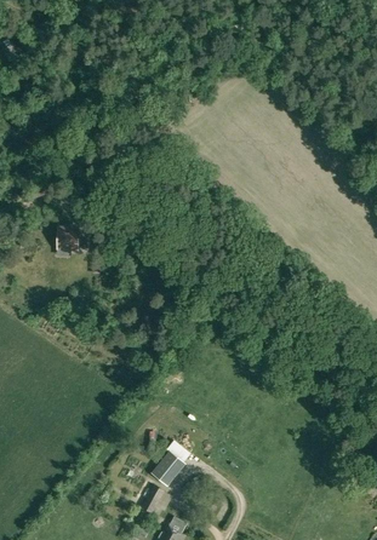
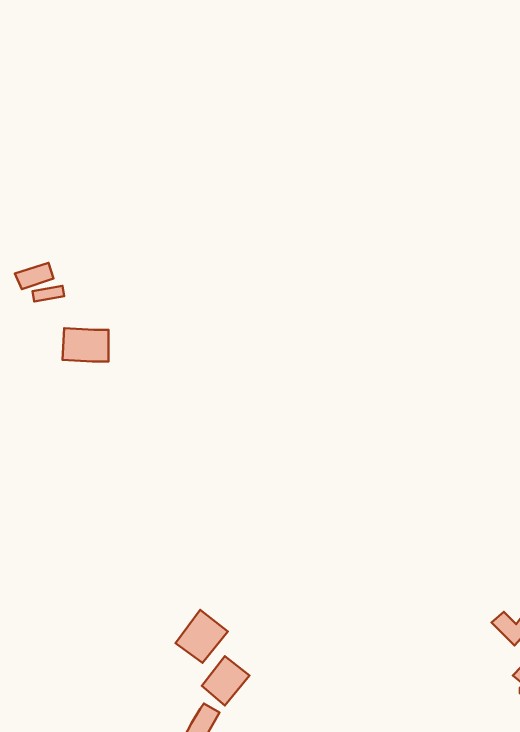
building: none -> [175,610,228,663]

